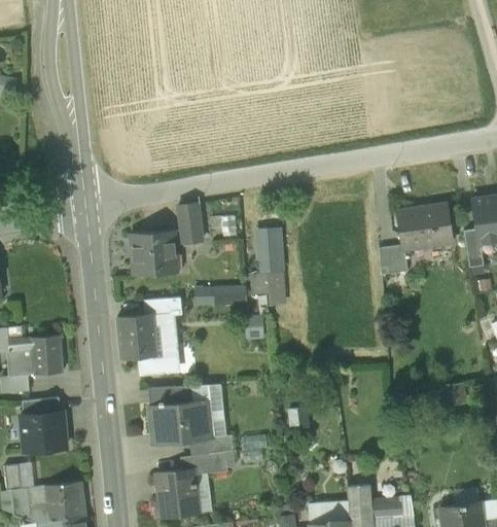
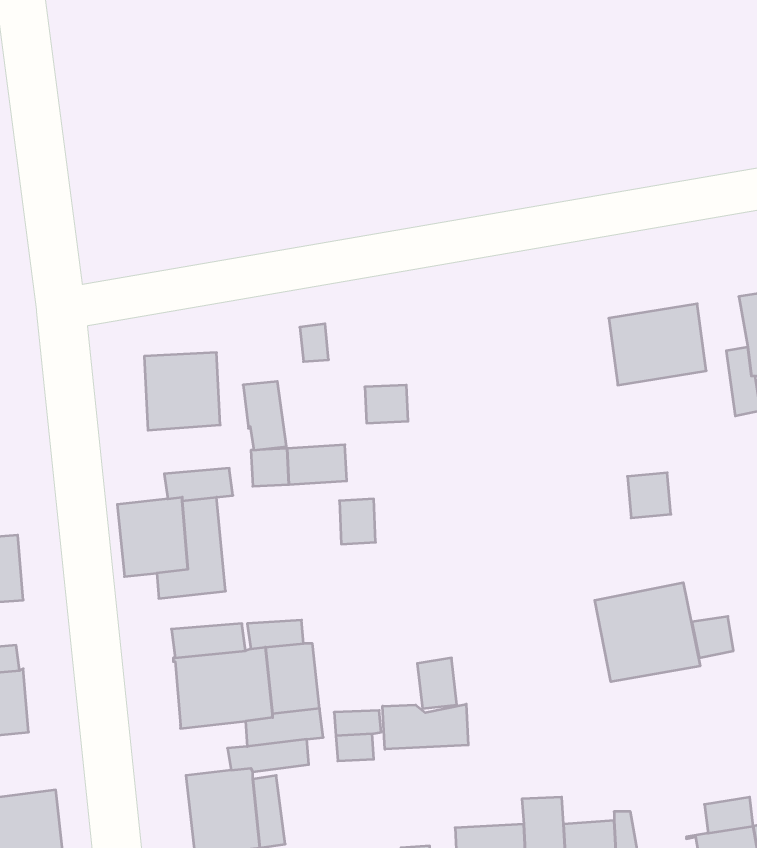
building: [177,204,202,243] -> [243,381,286,450]
building: [254,227,282,251] -> none
building: [379,250,403,276] -> [627,473,671,518]
building: [249,272,286,306] -> none
building: none -> [595,583,700,682]
building: none -> [383,704,468,749]

